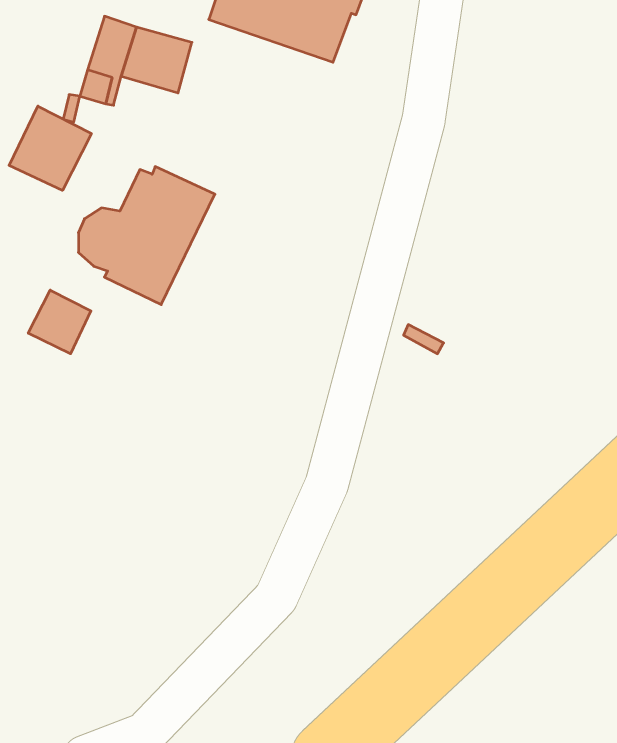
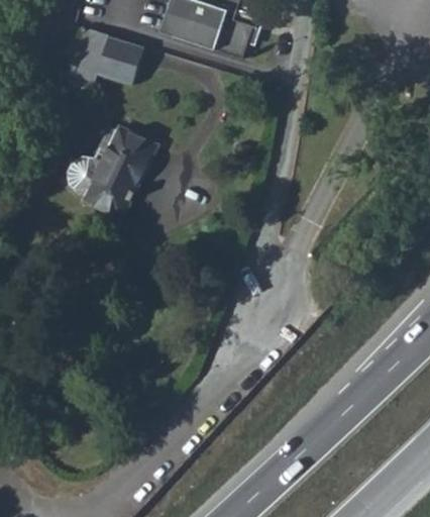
building: [9,106,91,190] -> none
building: [28,290,91,354] -> none

